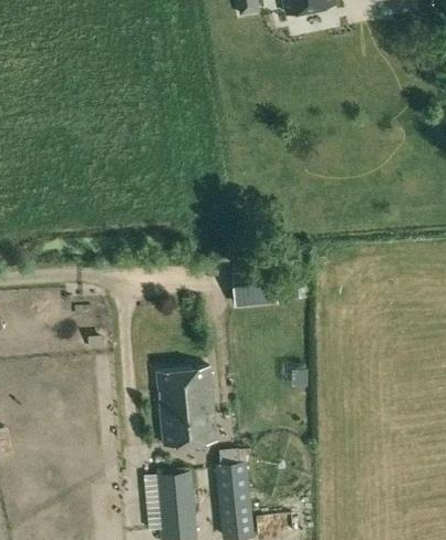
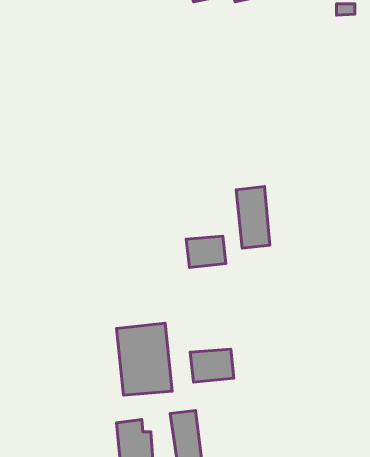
building: none -> [236,187,270,248]
building: none -> [190,349,234,382]

